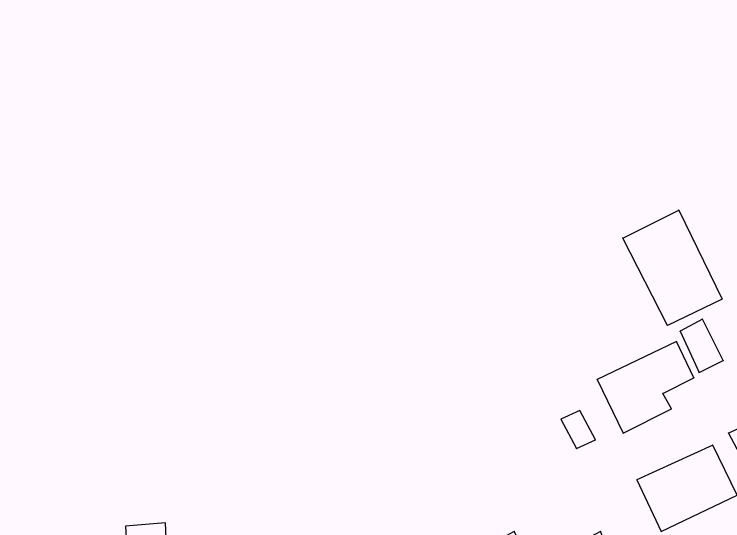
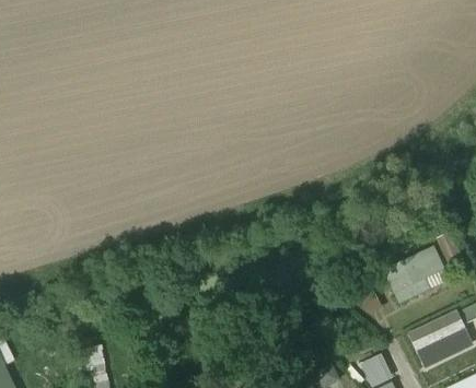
building: [623,210,722,325] -> none

